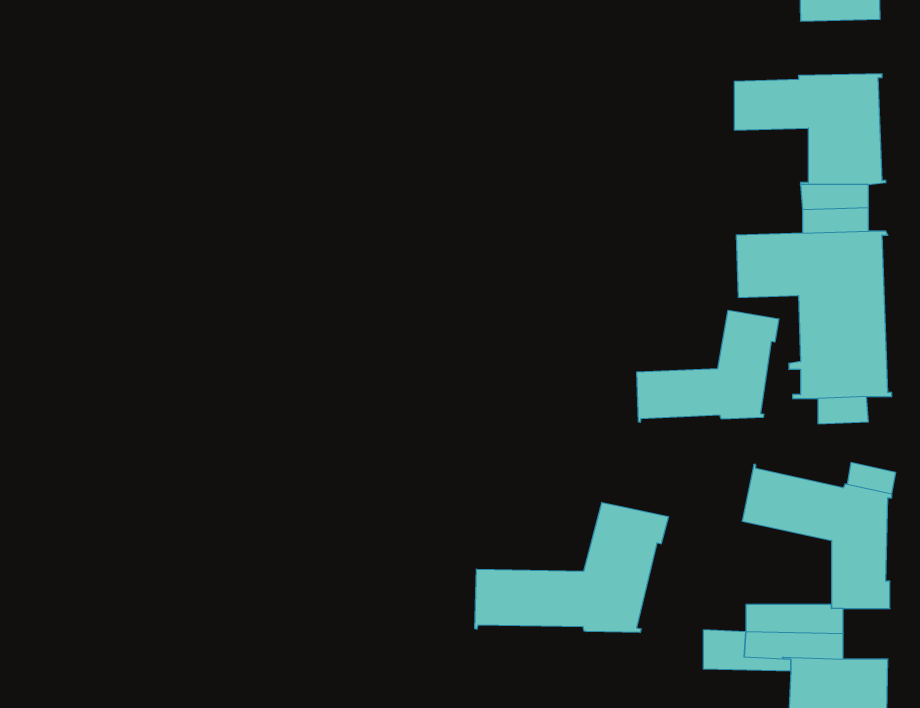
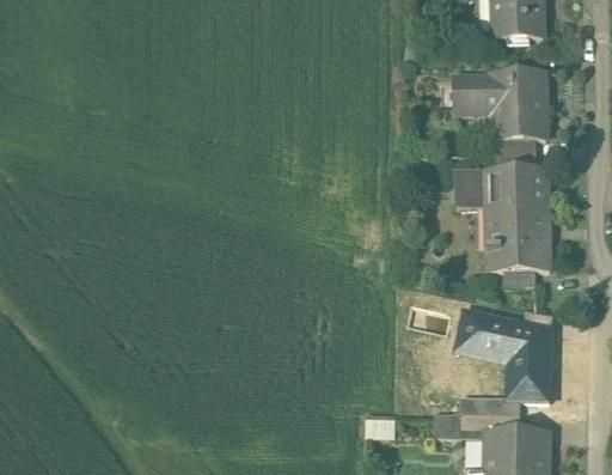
building: [637,310,779,422] -> none
building: [475,502,668,633] -> none

